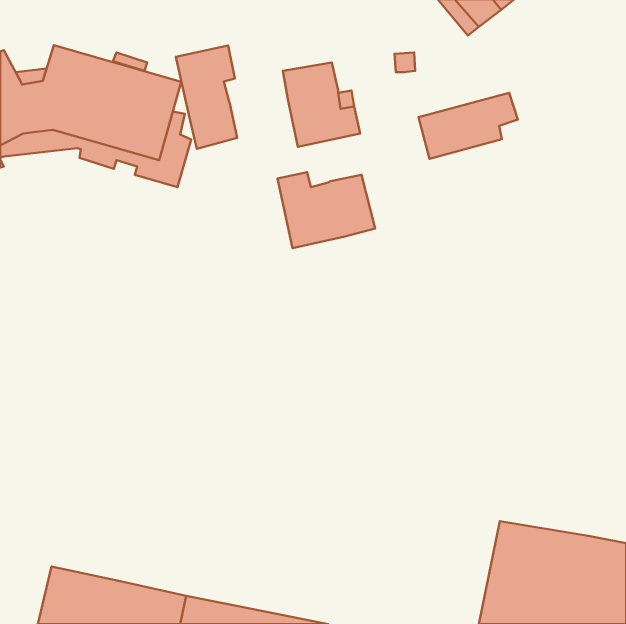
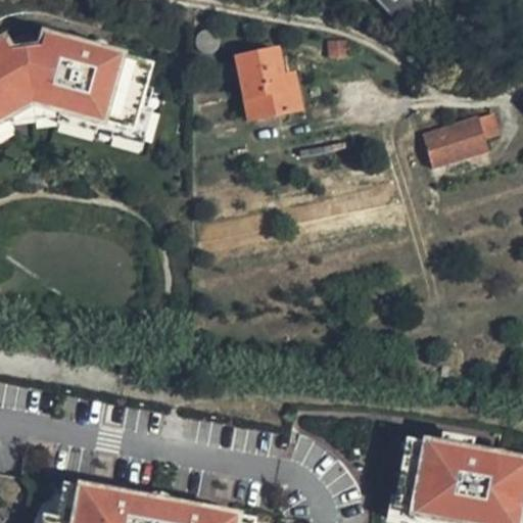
building: [176,45,237,149] -> none
building: [418,93,518,159] -> [417,113,500,169]
building: [278,172,375,248] -> none

